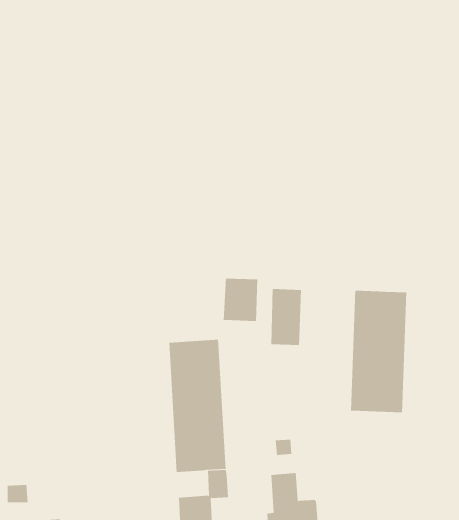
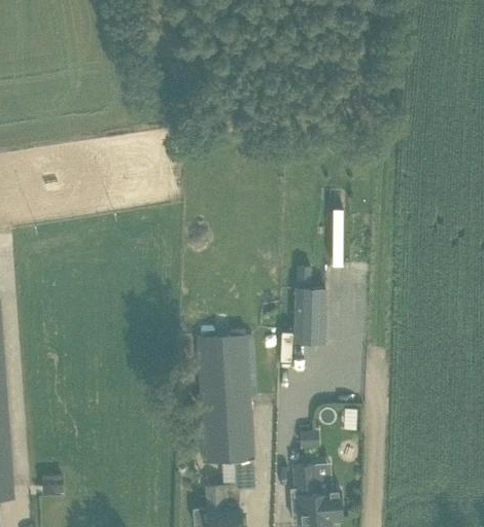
building: [223,278,258,322] -> none
building: [351,290,407,413] -> none

